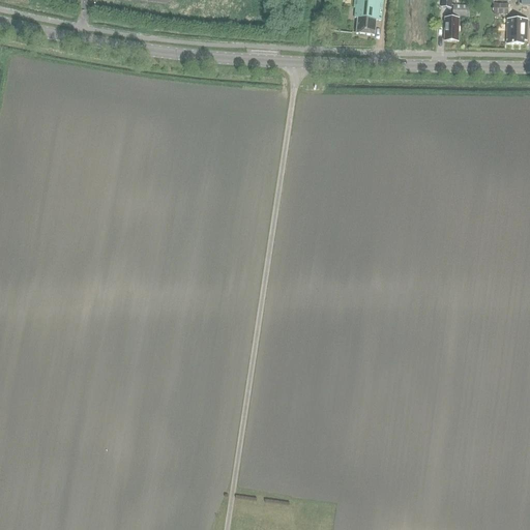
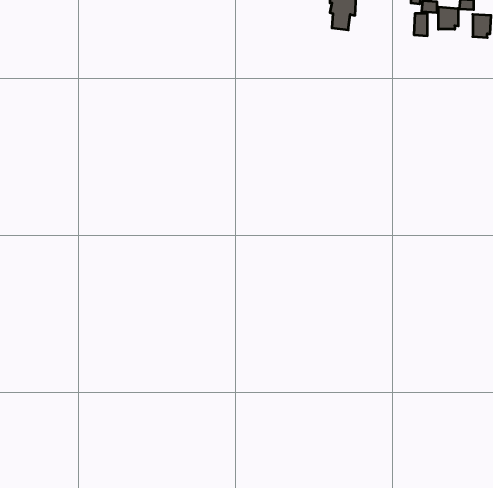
building: none -> [438,7,458,29]

